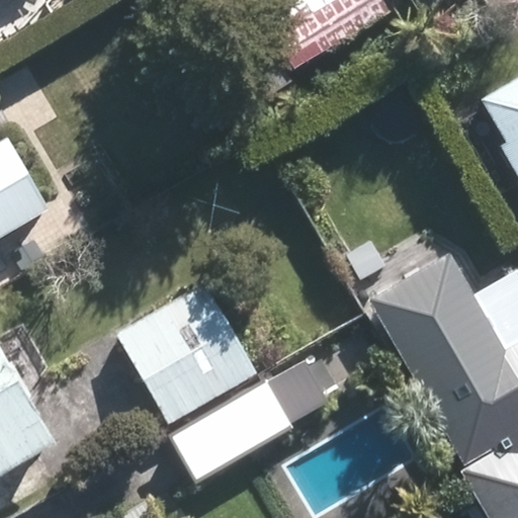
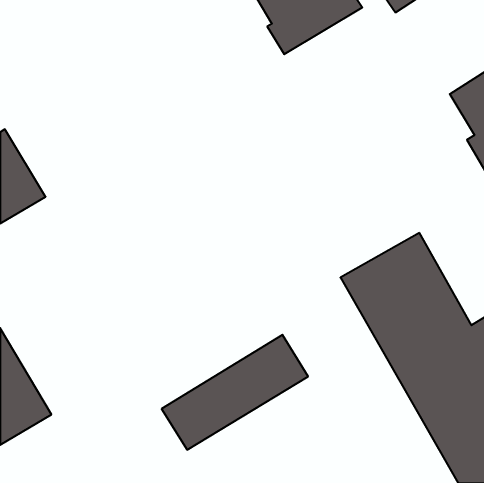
building: [117,284,255,419] -> none

